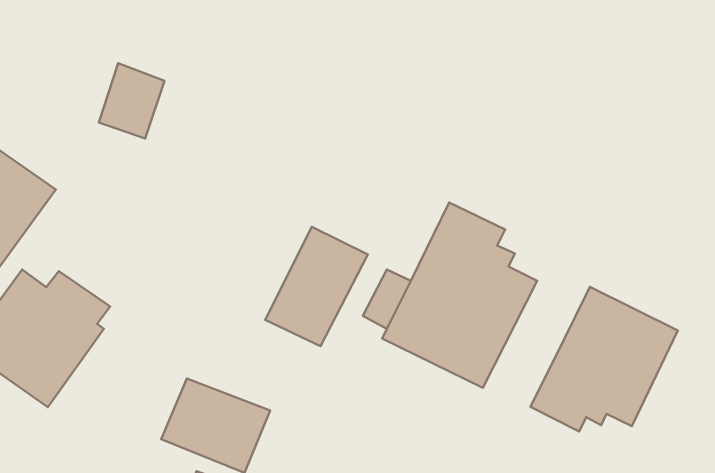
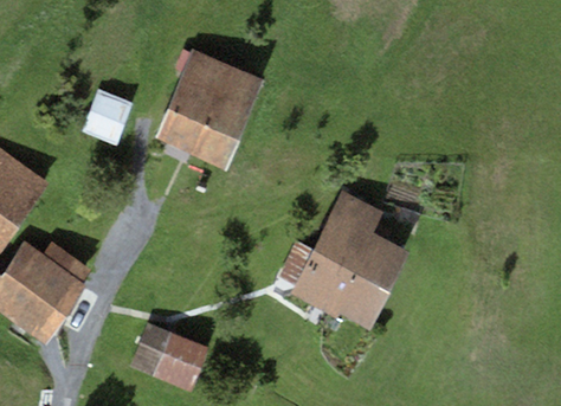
building: none -> [156,47,267,167]
building: [265,227,368,346] -> none
building: [531,287,678,431] -> none

